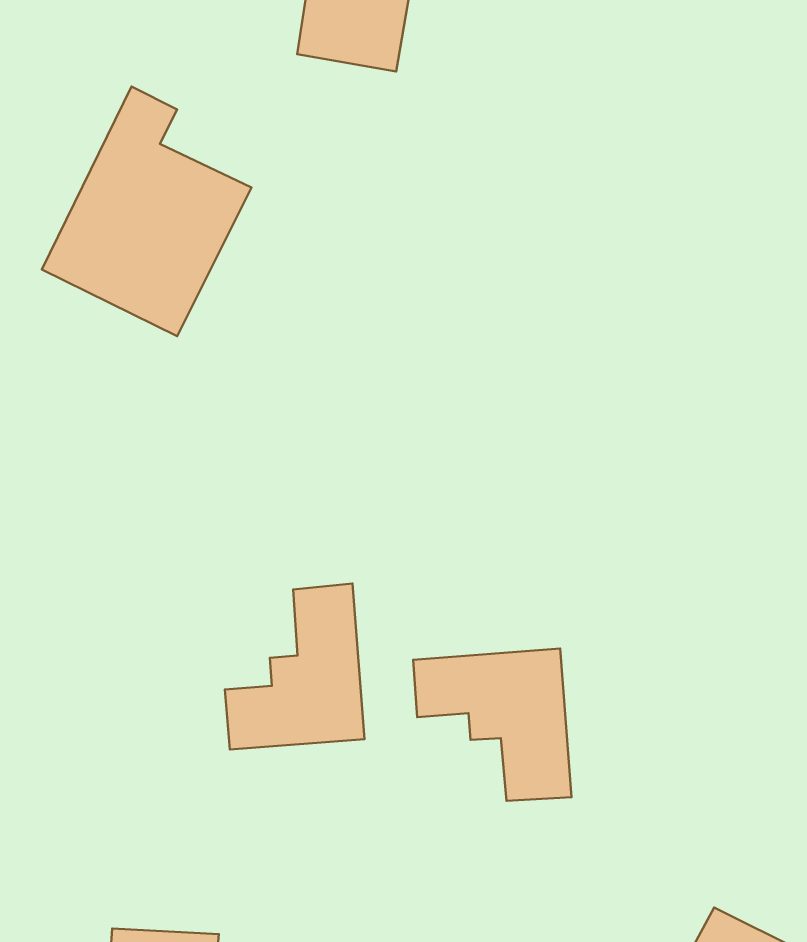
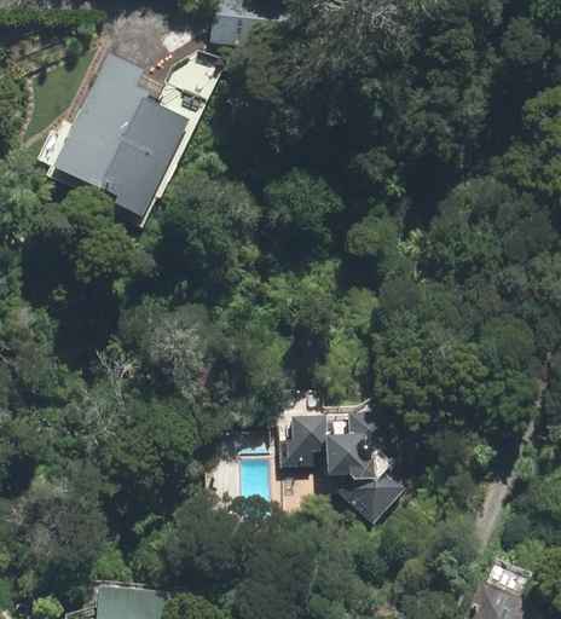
building: [225,584,365,749] -> none

